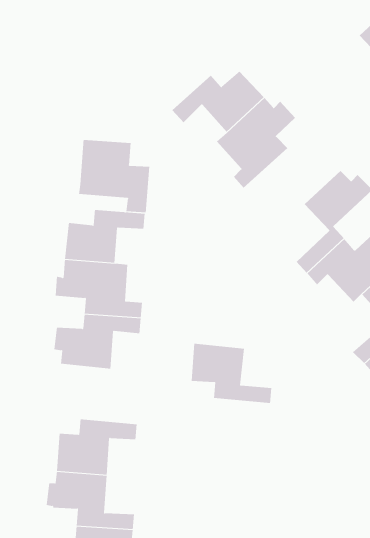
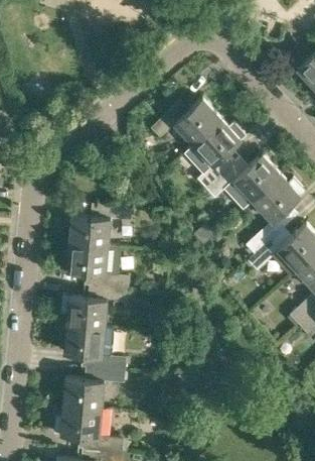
building: [78,139,150,213] -> none
building: none -> [206,154,281,209]
building: [191,343,272,403] -> [63,324,126,370]

